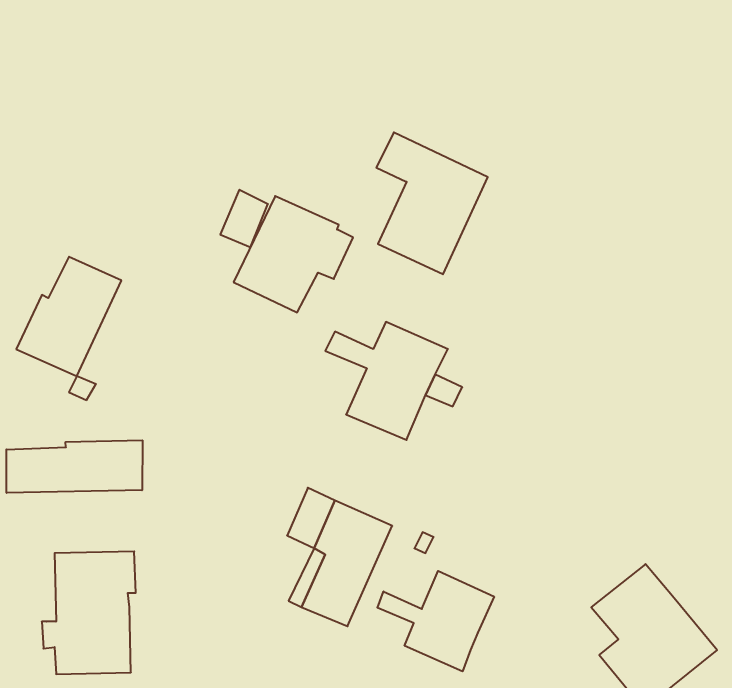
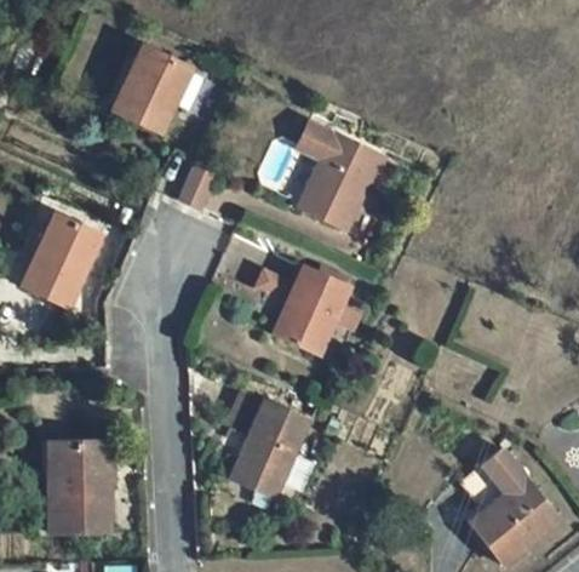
building: [234,196,353,312] -> [113,46,203,135]
building: [6,440,142,493] -> none
building: [377,571,494,671] -> none

